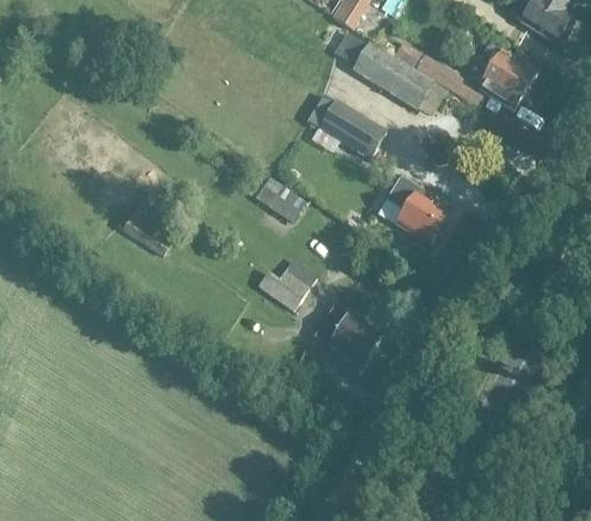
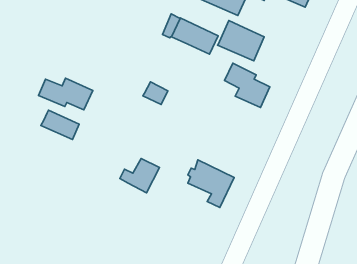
building: none -> [217,21,264,61]
building: none -> [38,78,93,110]
building: [260,260,317,309] -> [120,159,159,193]

